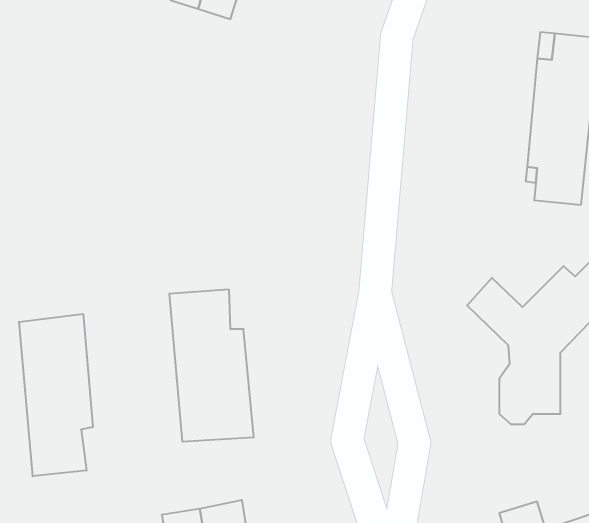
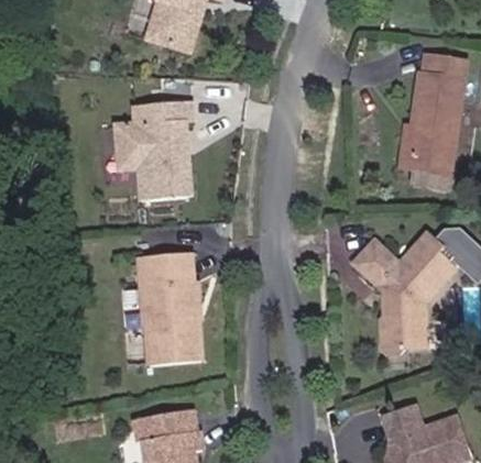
building: none -> [109,100,186,200]
building: [19,314,93,476] -> none

